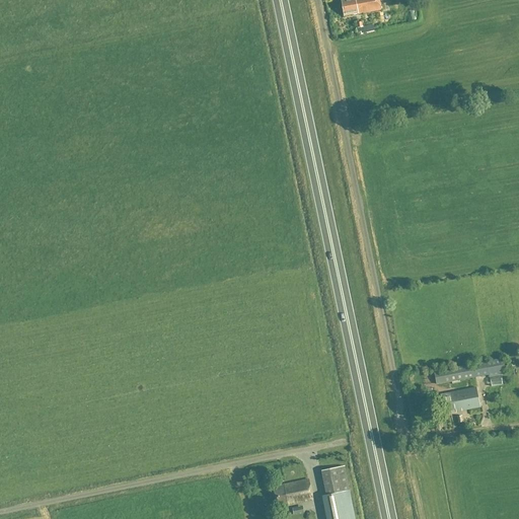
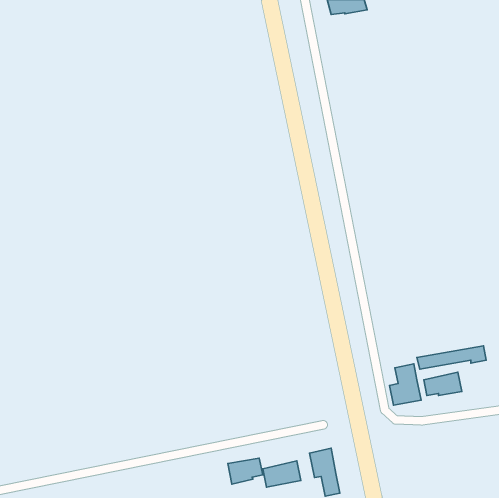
building: none -> [389,364,421,405]
building: none -> [228,458,263,484]

